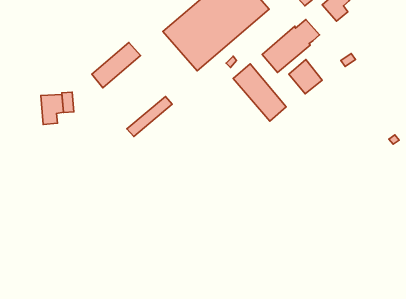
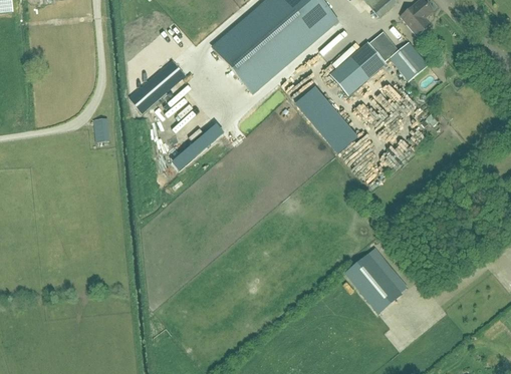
building: [289,60,322,94] -> [389,41,428,81]
building: [41,94,64,125] -> none
building: none -> [345,254,402,313]

